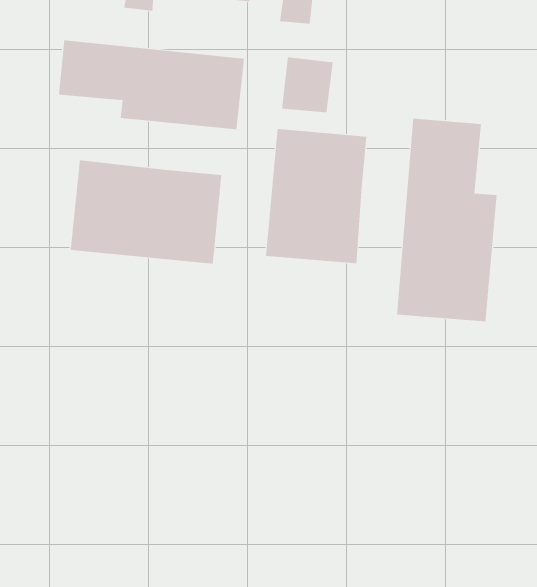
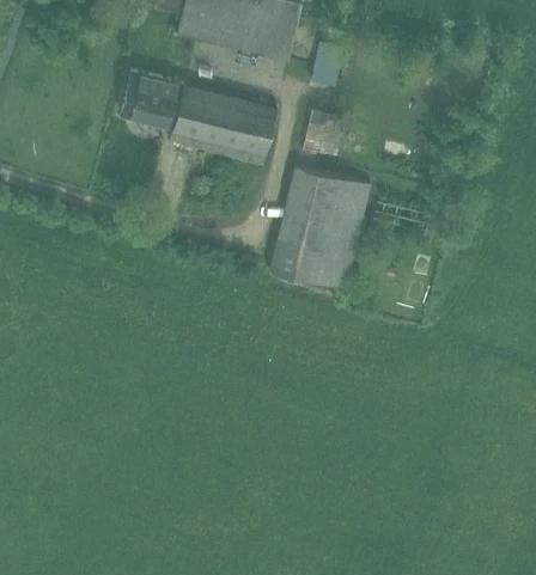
building: [396,118,497,322] -> none
building: [70,159,222,264] -> none

